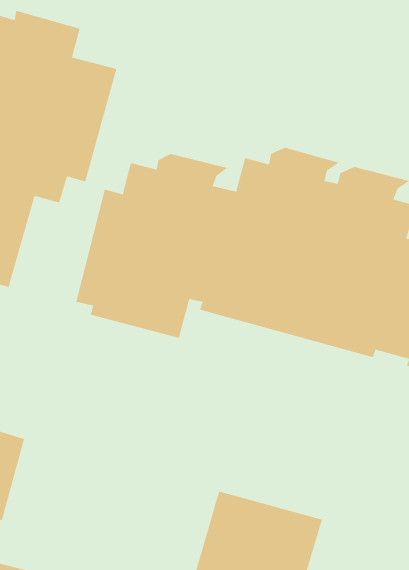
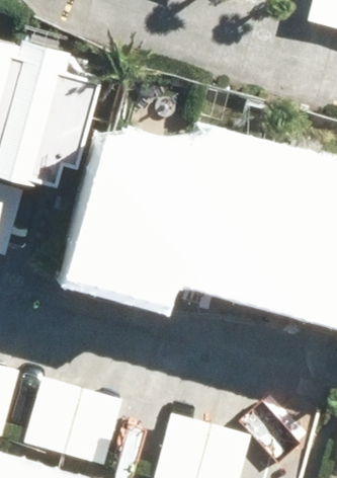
building: none -> [26,377,122,464]

